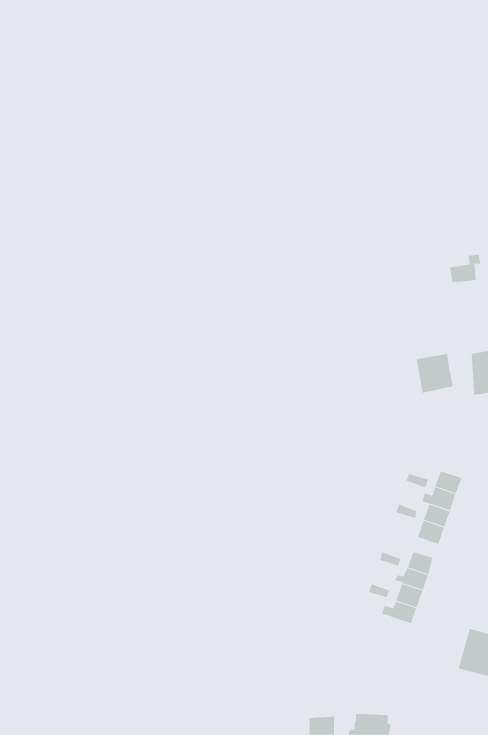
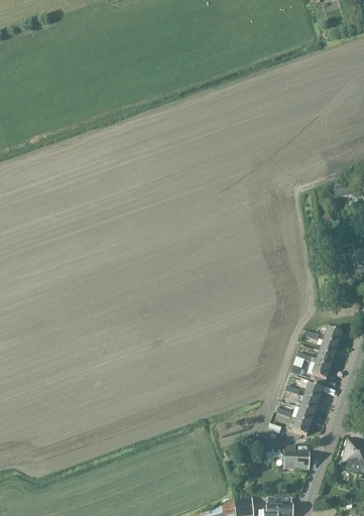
building: [416,353,454,393] -> none
building: none -> [248,444,309,471]

